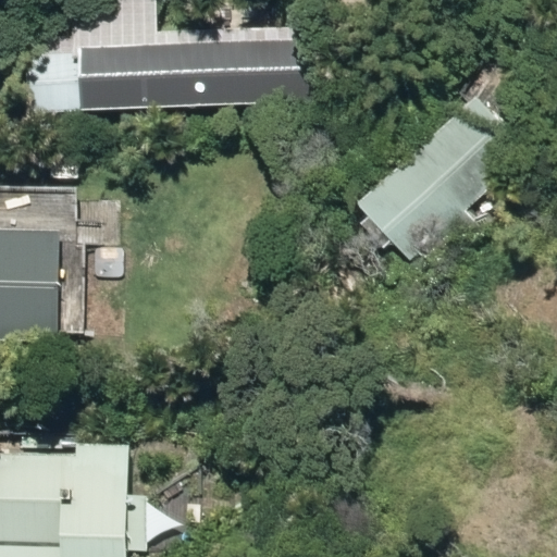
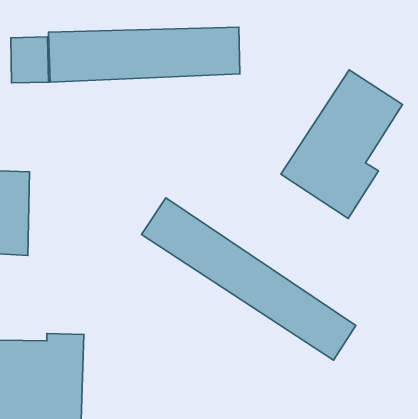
building: none -> [141,198,356,360]

